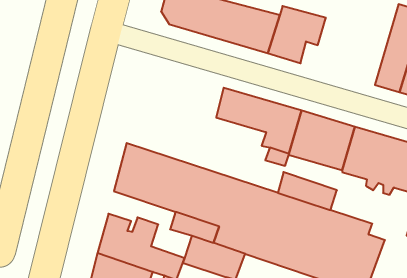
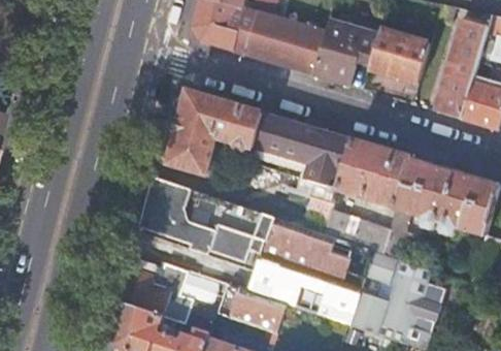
building: none -> [368,30,430,83]
building: none -> [169,92,262,176]

